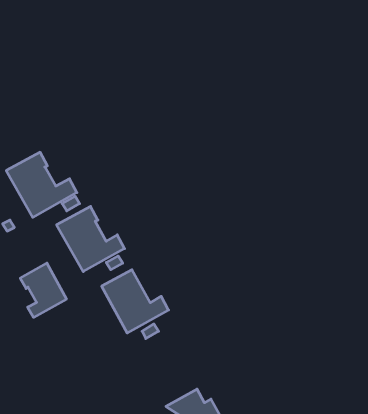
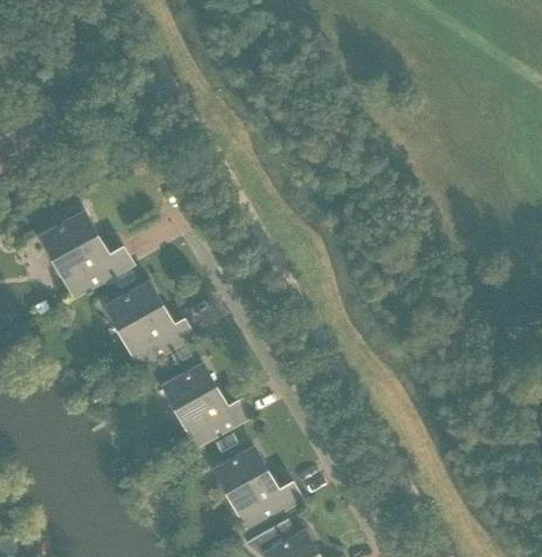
building: [20,263,66,317] -> none
building: none -> [213,446,301,529]

